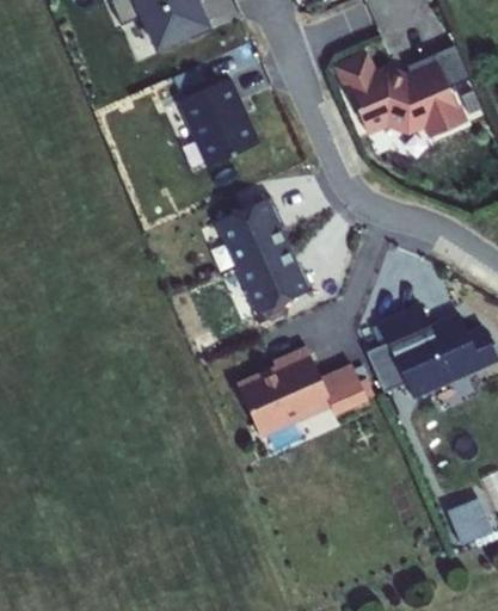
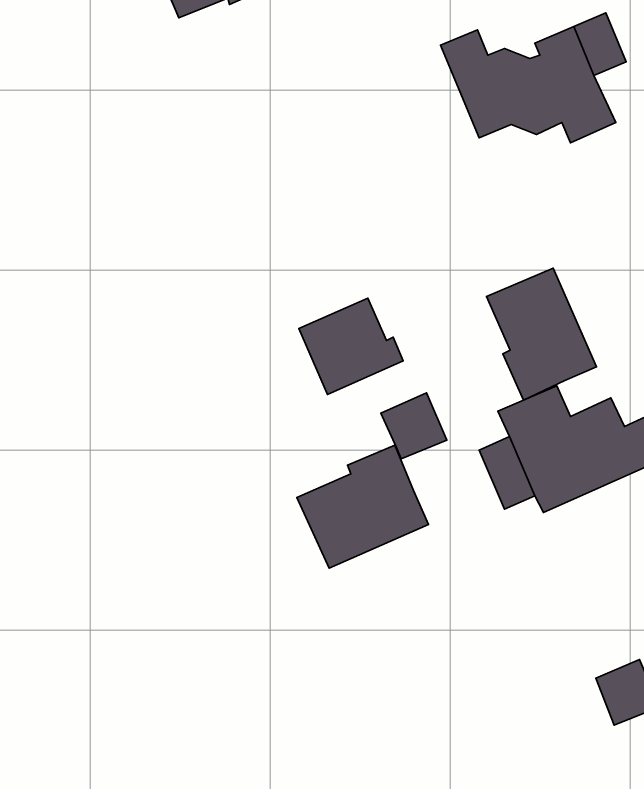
building: [179,78,257,165] -> none
building: [216,197,287,267] -> none
building: none -> [487,268,597,400]
building: [319,368,365,414] -> [381,393,447,459]

